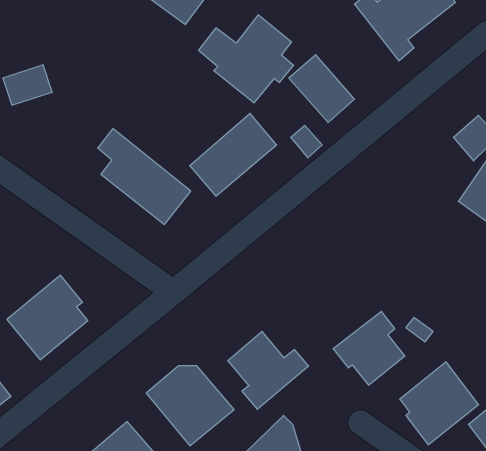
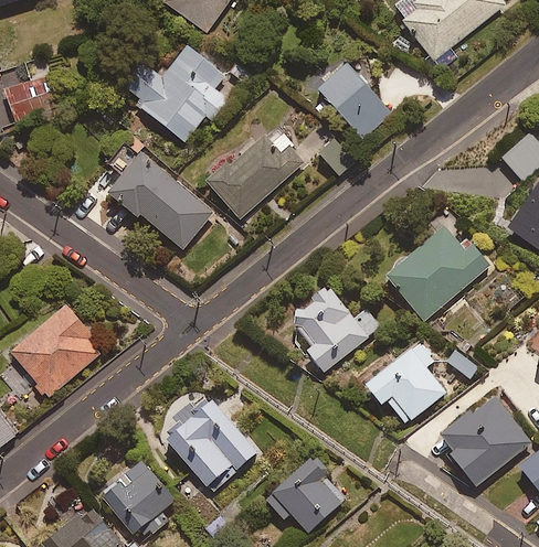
building: [199,15,294,103] -> [123,44,226,140]
building: none -> [385,219,489,320]
building: [228,331,309,409] -> [292,287,380,372]

